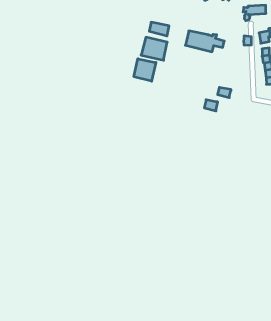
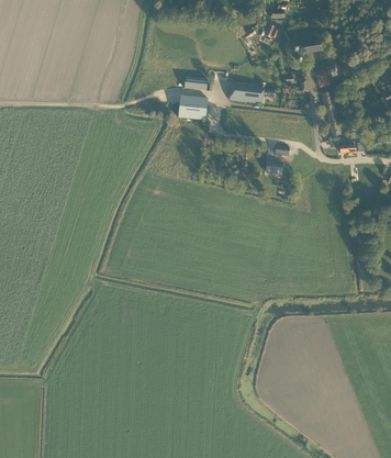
building: [134,59,156,81] -> none

